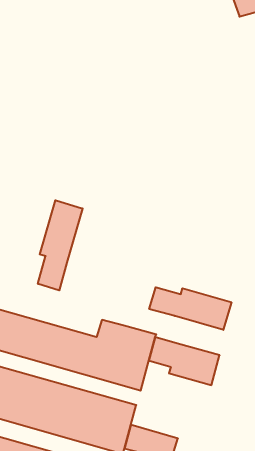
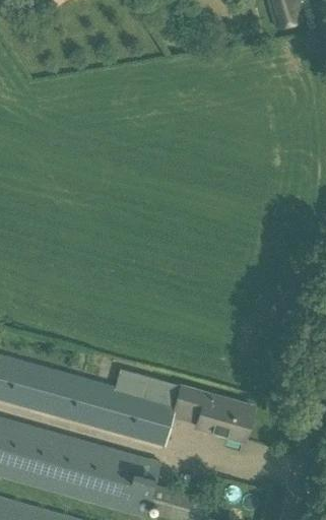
building: [38,200,83,290] -> none
building: [149,287,231,330] -> none

